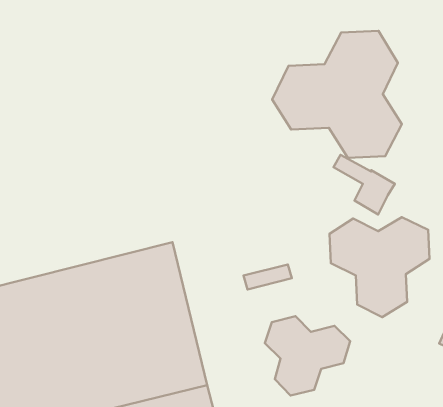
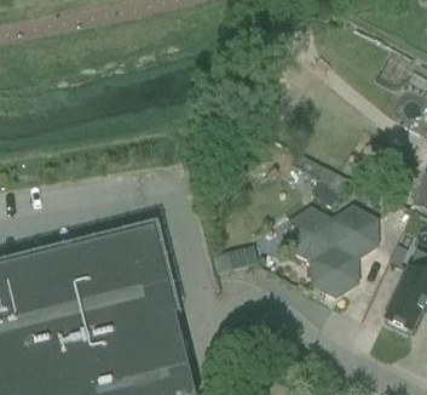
building: [272,31,402,158] -> none
building: [265,316,350,396] -> none

